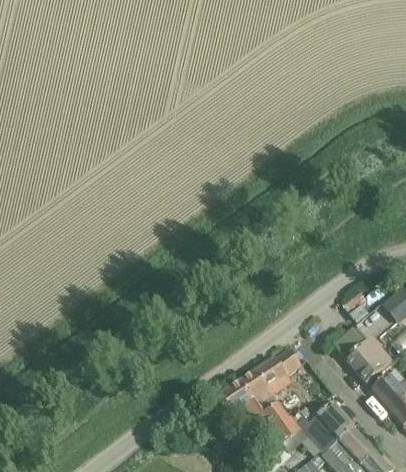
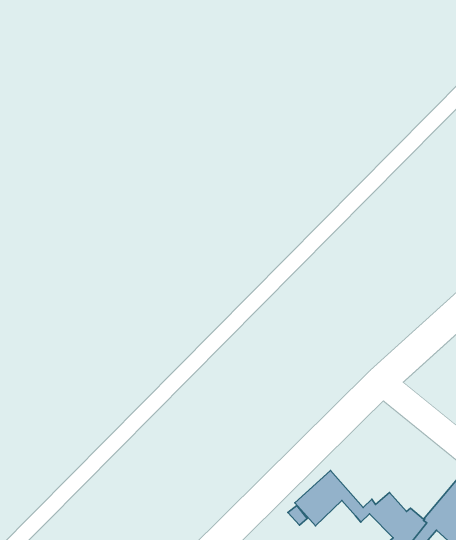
building: [239,349,301,412] -> none

